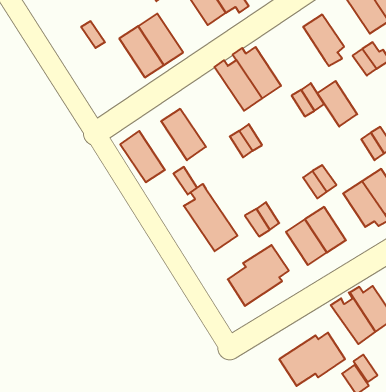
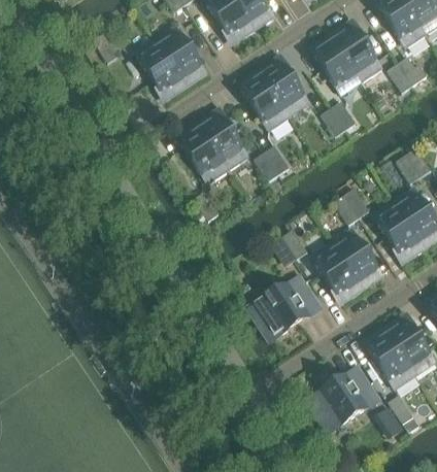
building: [317,81,357,127] -> [314,39,358,89]
building: [120,131,165,182] -> [201,113,249,169]
building: [184,184,237,251] -> none

